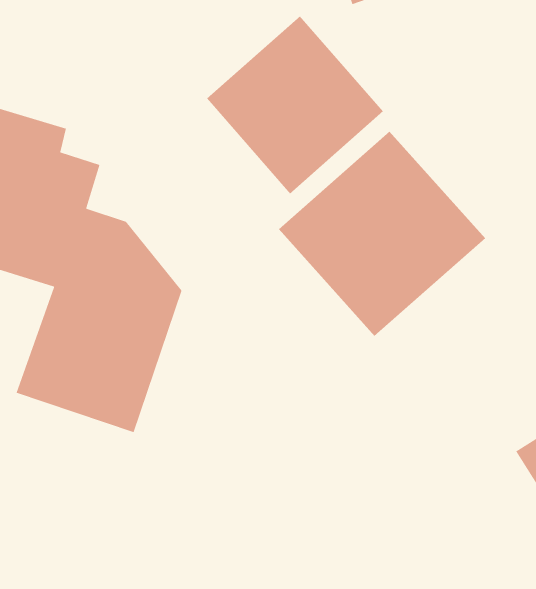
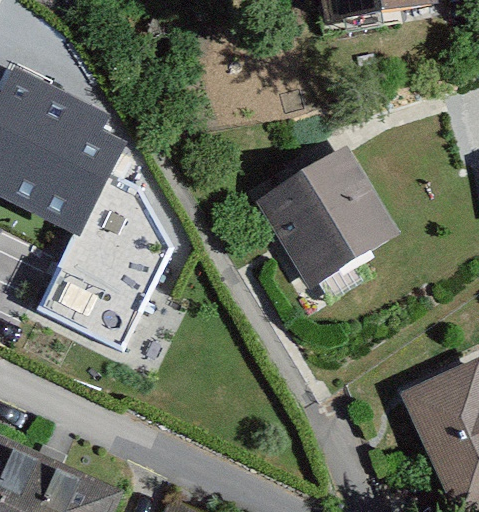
building: [206,15,384,194] -> none

